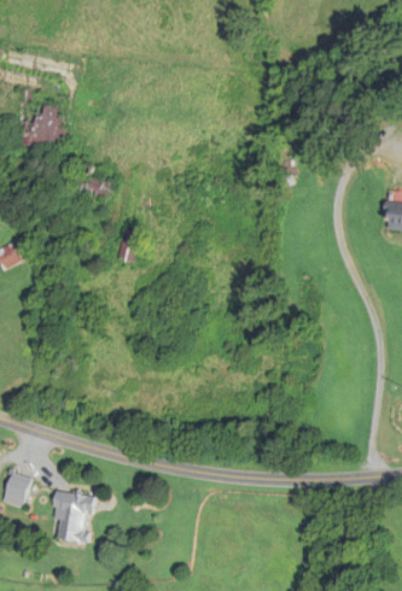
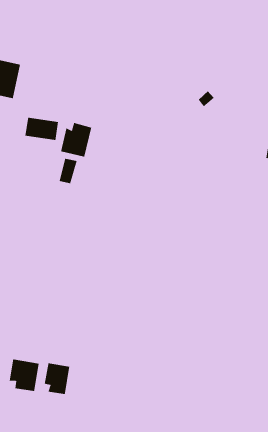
building: none -> [60,122,92,158]
building: none -> [44,363,70,395]

